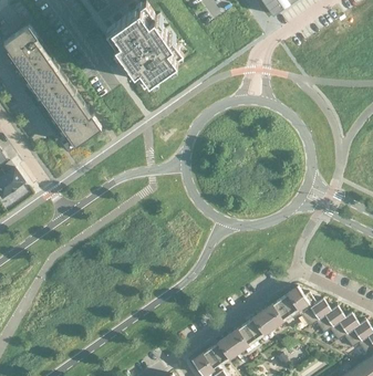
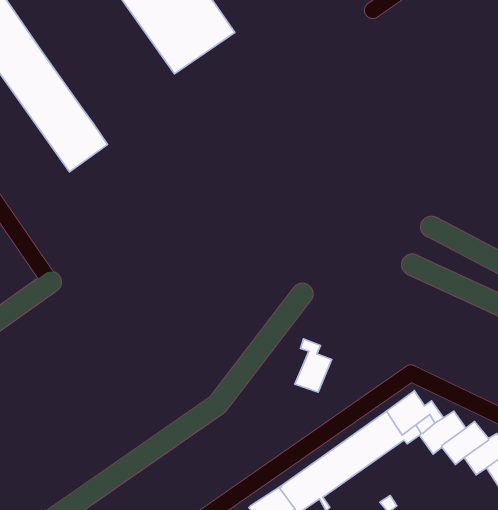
building: none -> [295,339,332,392]

